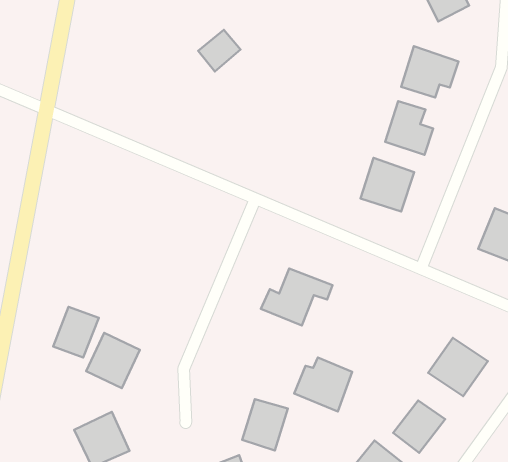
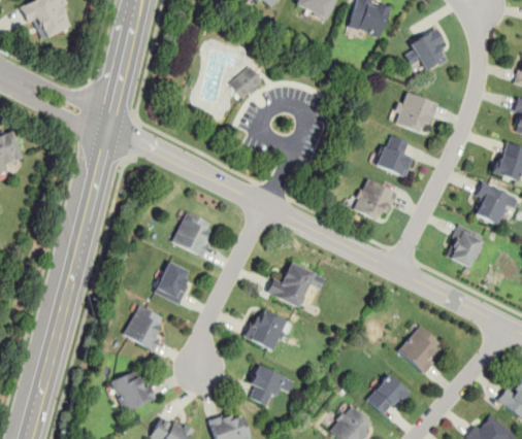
building: none -> [173,212,215,255]
building: [53,307,99,357] -> [155,262,193,303]
building: [294,357,352,411] -> [244,308,292,352]

